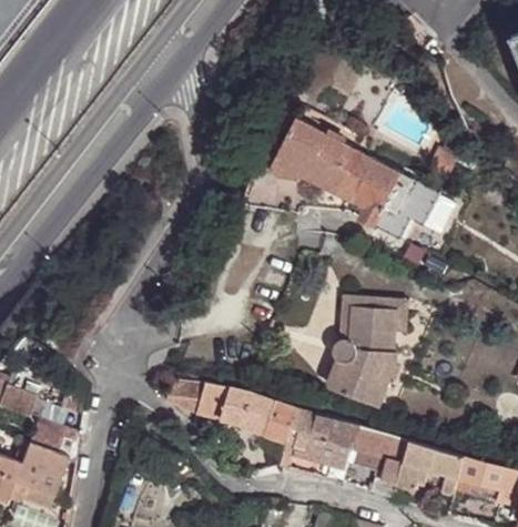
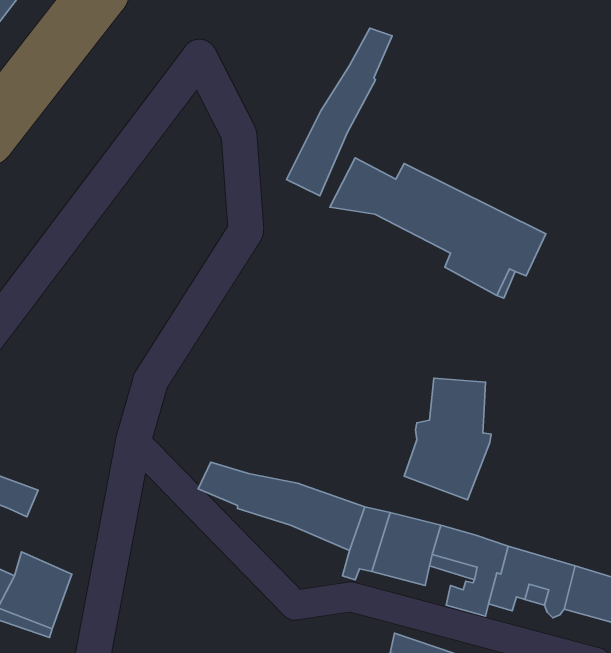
building: none -> [287,28,392,196]
building: [338,295,404,343] -> none
building: [26,418,83,466] -> none

